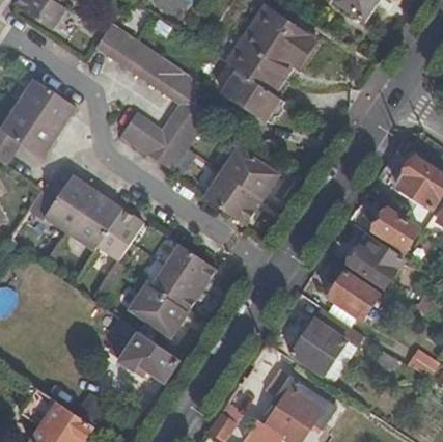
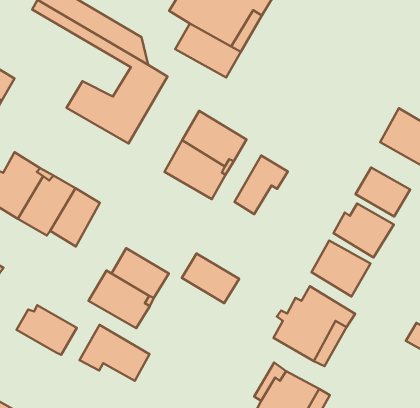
building: none -> [234,155,288,214]
building: [164,244,215,289] -> [182,254,239,303]
building: none -> [16,305,77,355]

